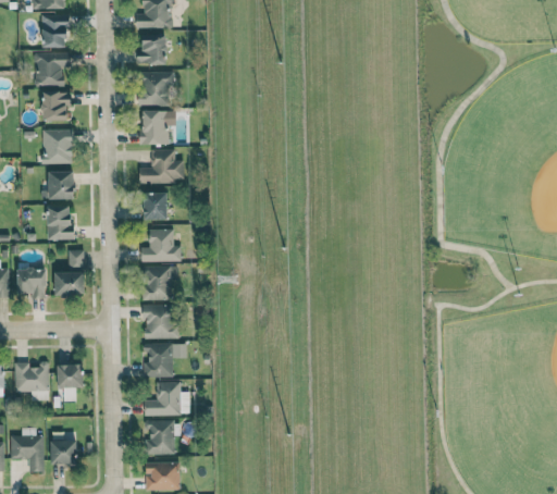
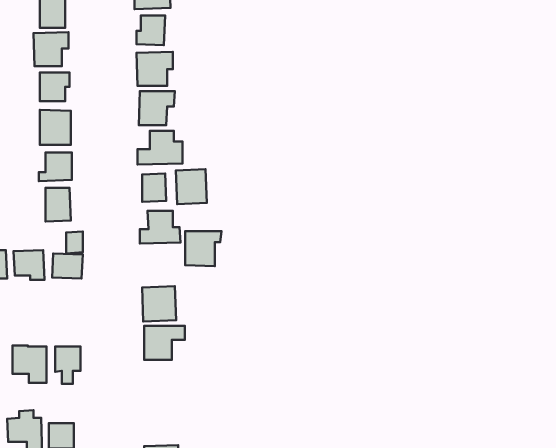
building: none -> [176,169,207,204]
building: [143,267,178,301] -> [185,231,221,266]
building: [145,382,189,416] -> none
building: [145,420,174,455] -> none

